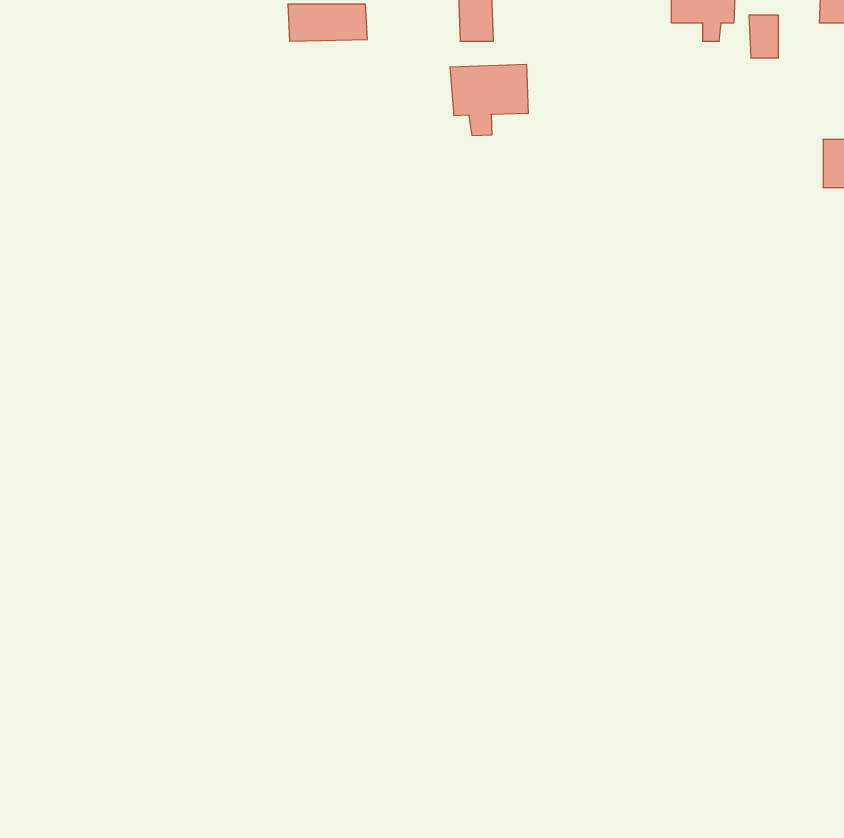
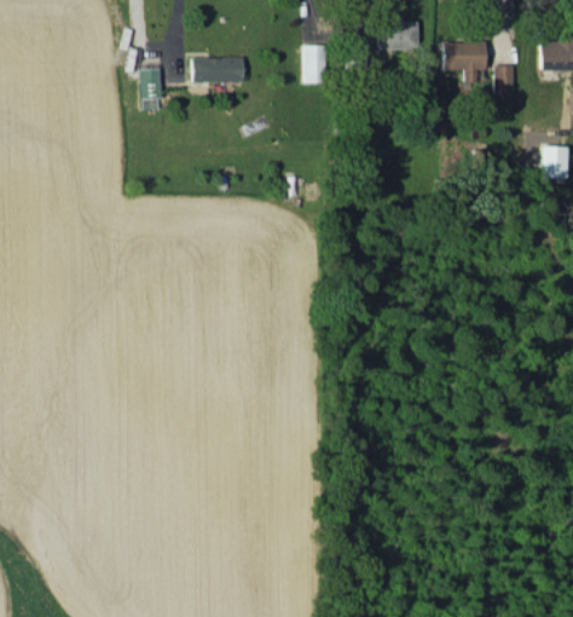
building: none -> [141,69,162,110]
building: [450,64,528,136] -> none

